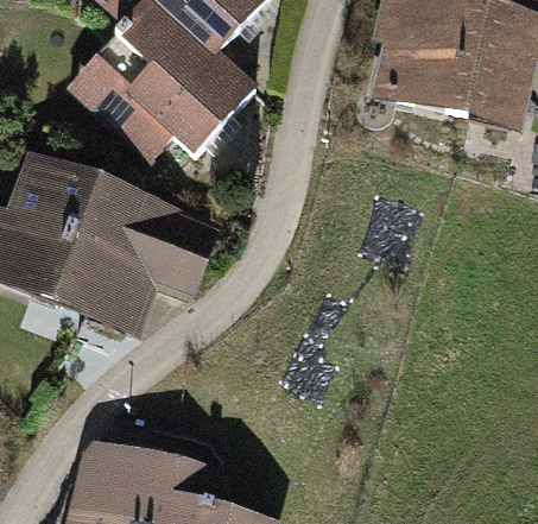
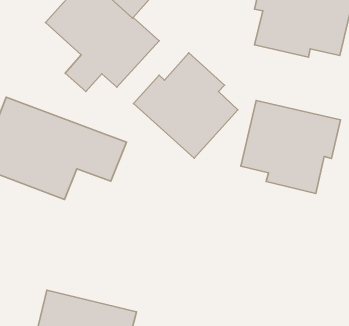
building: none -> [133,53,238,158]
building: none -> [241,100,341,193]

